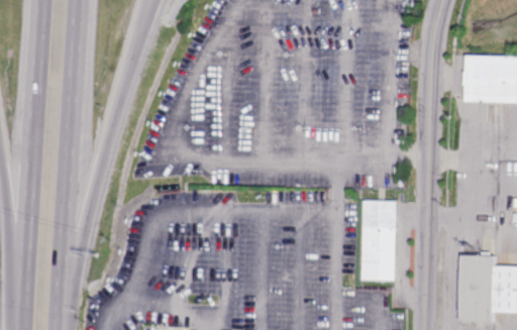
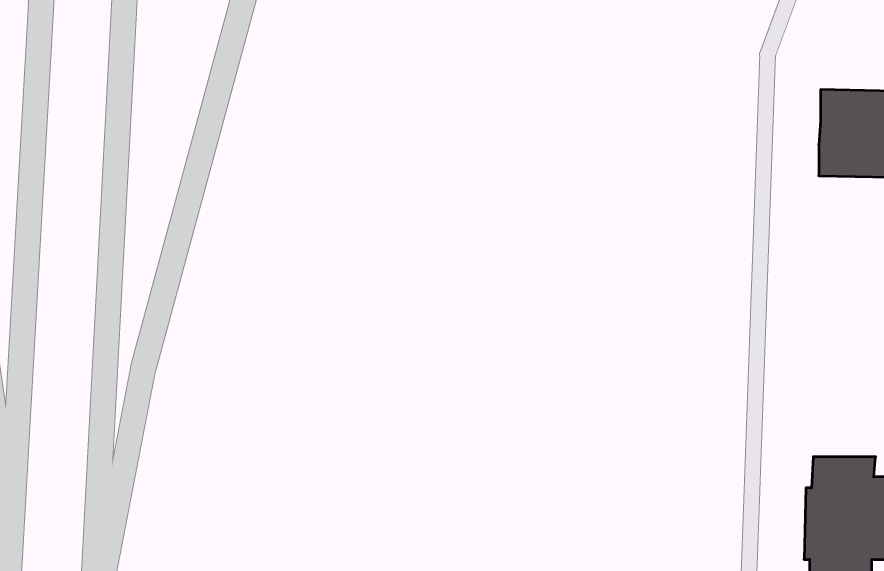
building: [363,201,396,281] -> none

